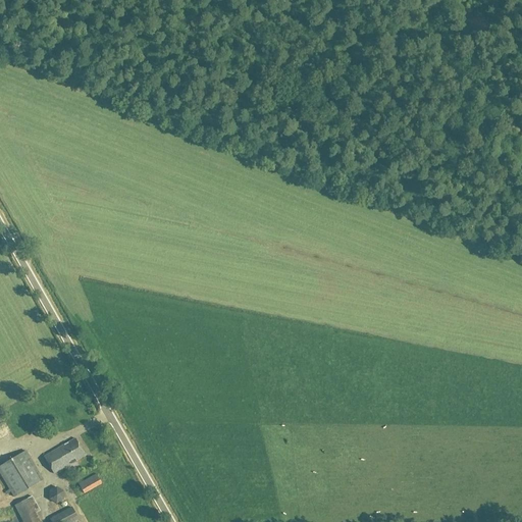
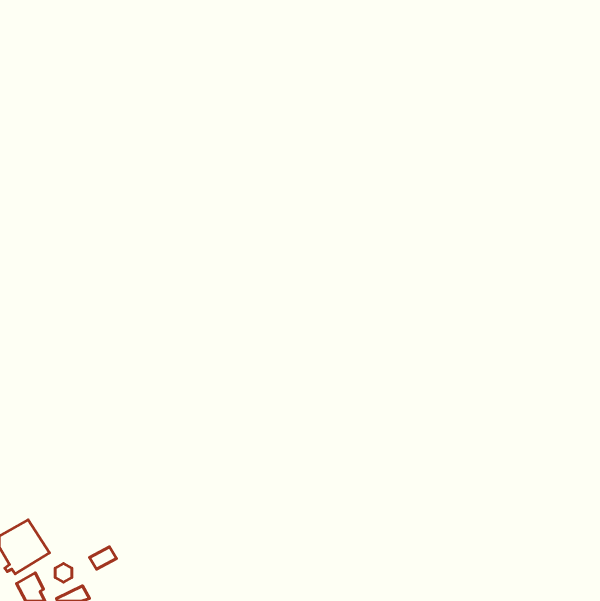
building: [43,438,84,473] -> none

